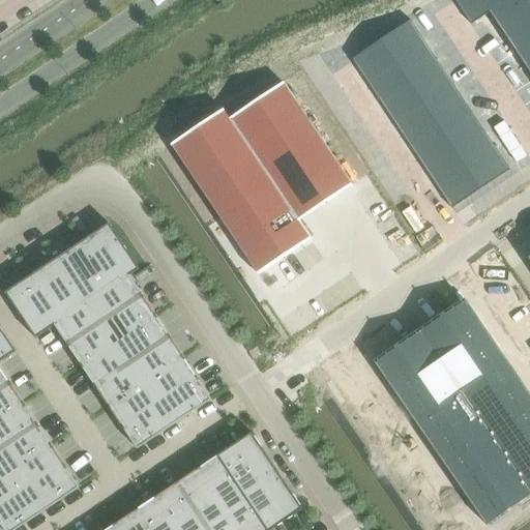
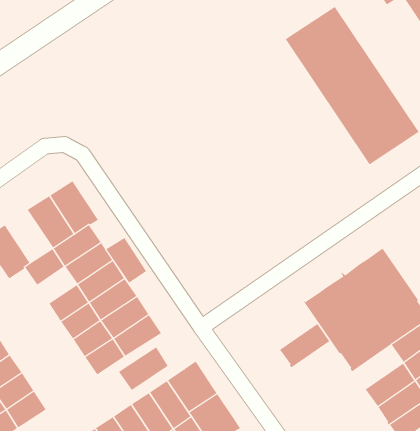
building: [170,82,352,273] -> none
building: [31,257,86,318] -> none
building: none -> [106,237,147,284]
building: [67,322,114,364] -> none
building: [431,412,490,464] -> [279,323,330,368]
building: none -> [118,346,169,391]

